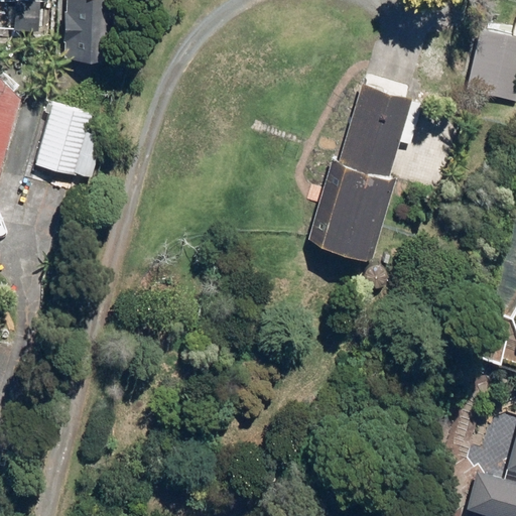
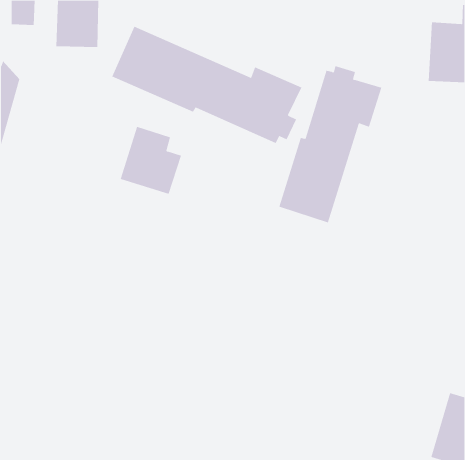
building: none -> [112,26,302,144]
building: [35,105,104,180] -> [120,126,182,195]

